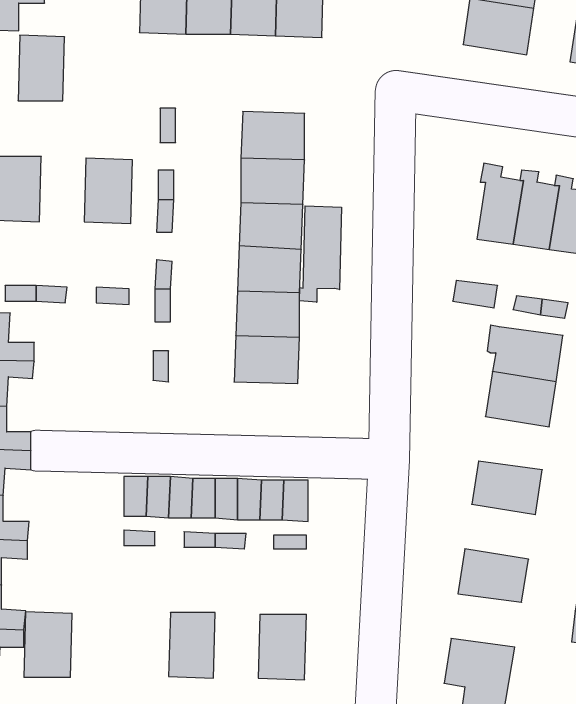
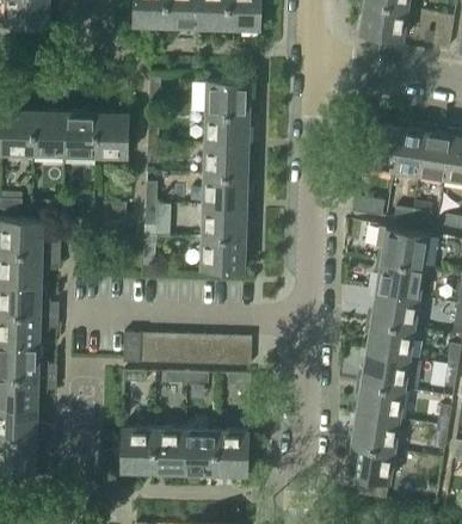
building: [18,35,65,101] -> [64,112,97,158]
building: [299,206,341,302] -> none
building: none -> [369,292,418,329]
building: none -> [359,353,408,392]
building: none -> [350,415,399,452]
building: [24,612,72,677] -> [122,427,155,473]
building: none -> [185,429,217,474]

